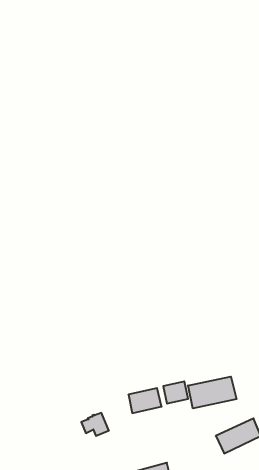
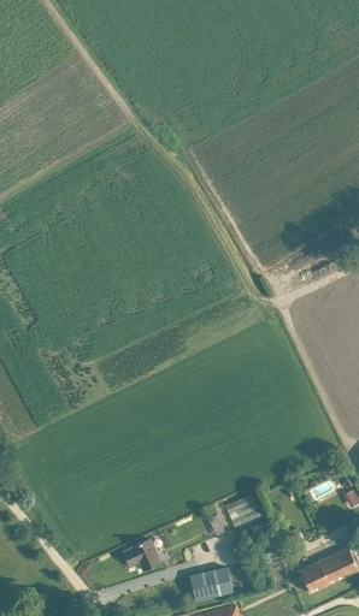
building: [188,377,237,408] -> none
building: [128,388,162,413] -> [189,567,233,599]

